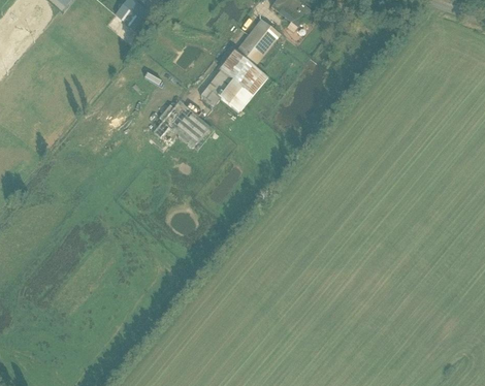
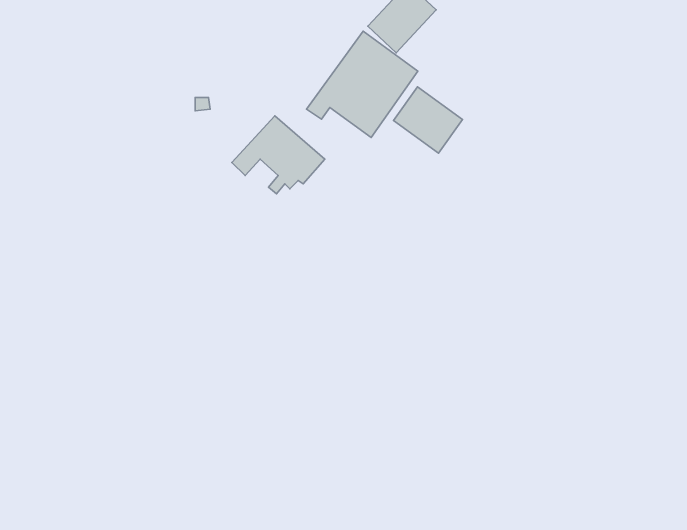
building: none -> [393,87,463,153]

